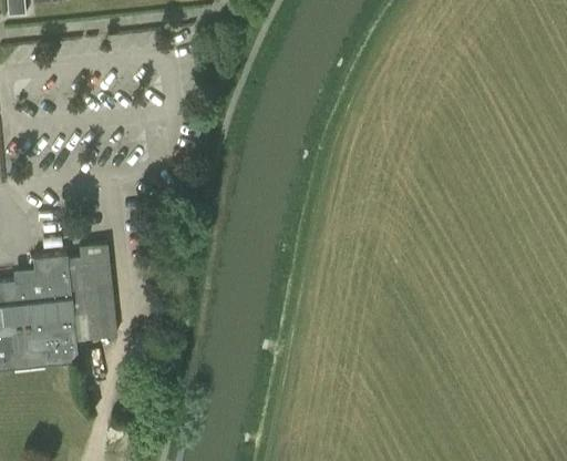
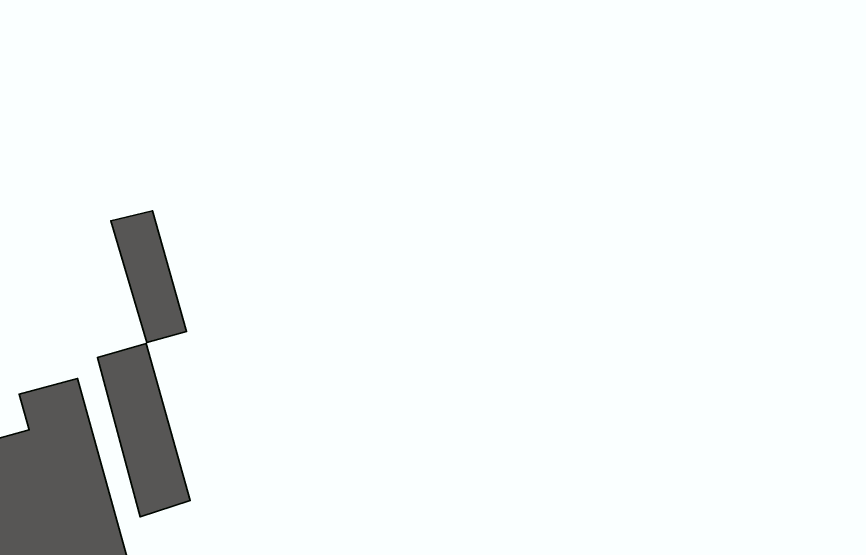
building: none -> [111,211,186,342]

